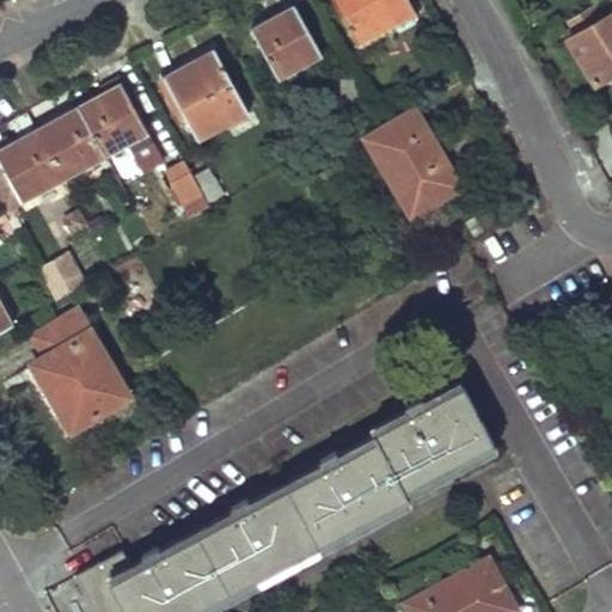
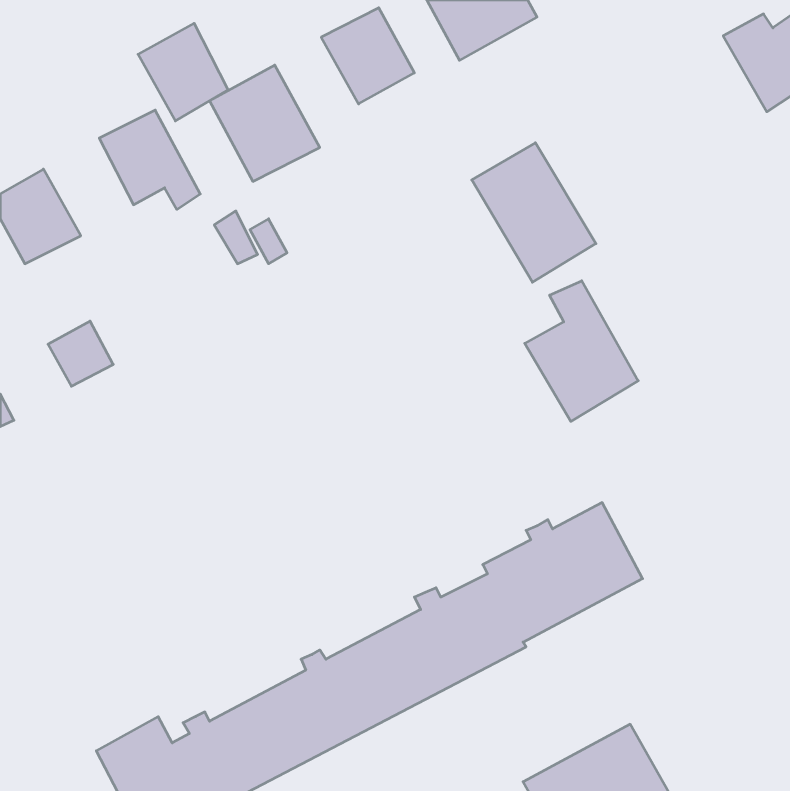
building: [36,108,105,183] -> [138,23,228,121]
building: none -> [525,281,638,421]
building: [24,312,130,436] -> none

